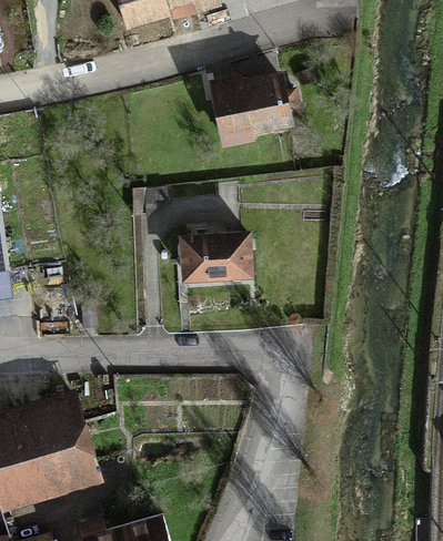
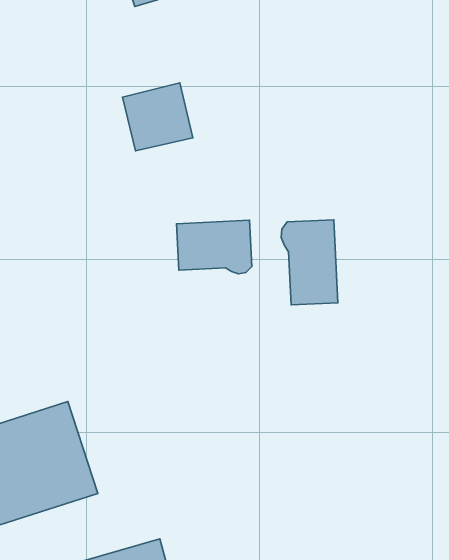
building: [217,78,282,141] -> [122,83,193,151]
building: none -> [281,220,338,305]

